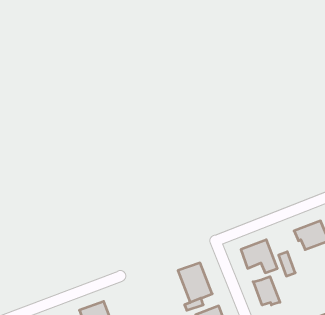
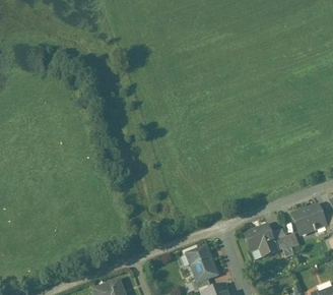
building: [253,277,280,305] -> none

